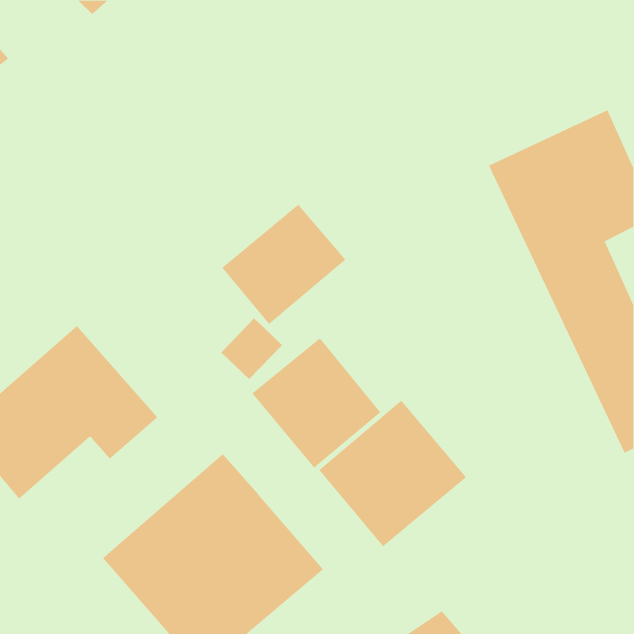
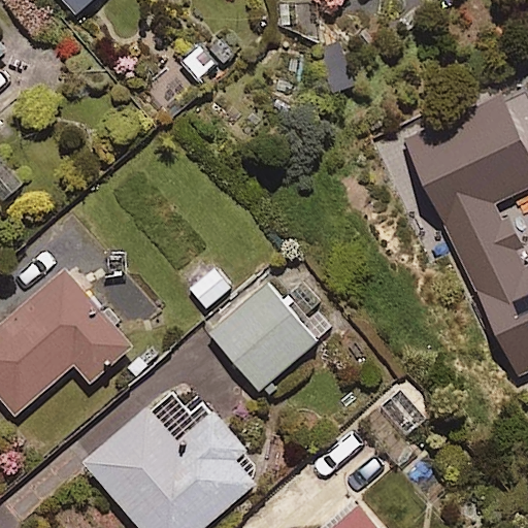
building: [222,204,346,325] -> none
building: [319,400,467,547] -> none

